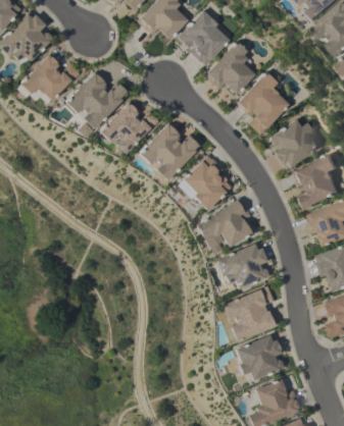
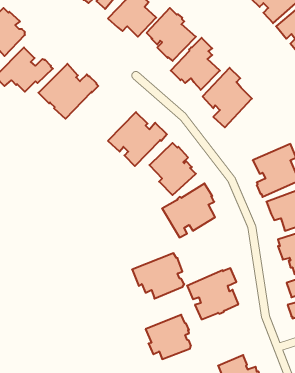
building: [96,100,157,154] -> none
building: [266,119,317,170] -> none
building: [211,242,266,289] -> [132,253,184,299]
building: [233,333,281,380] -> [146,315,191,359]

